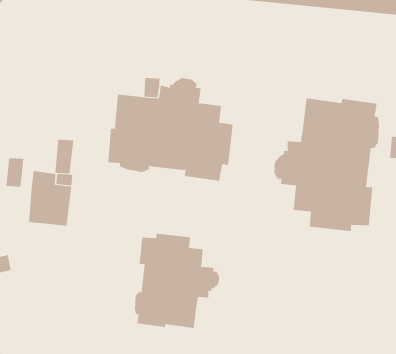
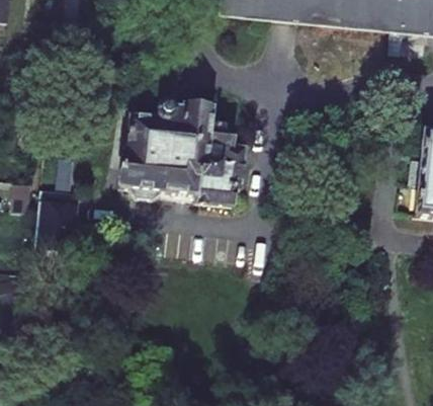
building: [274,97,380,232] -> none
building: [134,233,220,329] -> none

